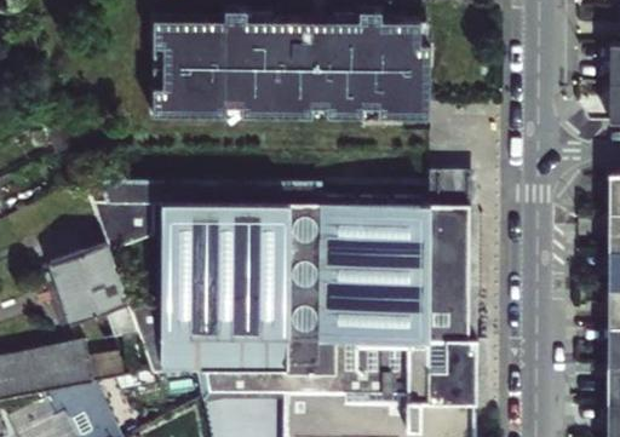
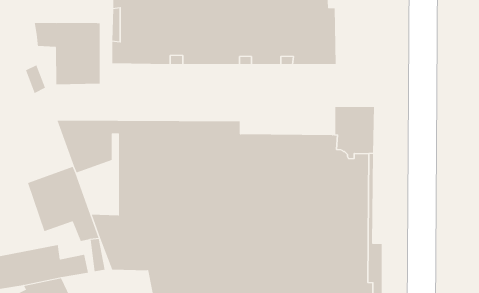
building: none -> [34,22,100,85]

